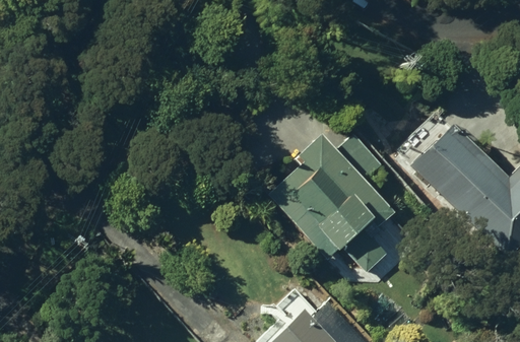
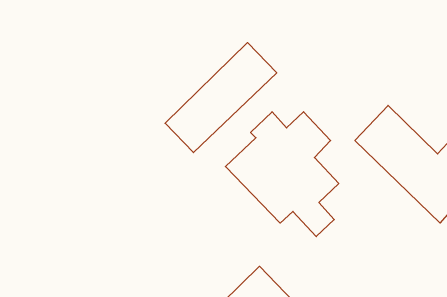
building: none -> [165,43,277,153]

